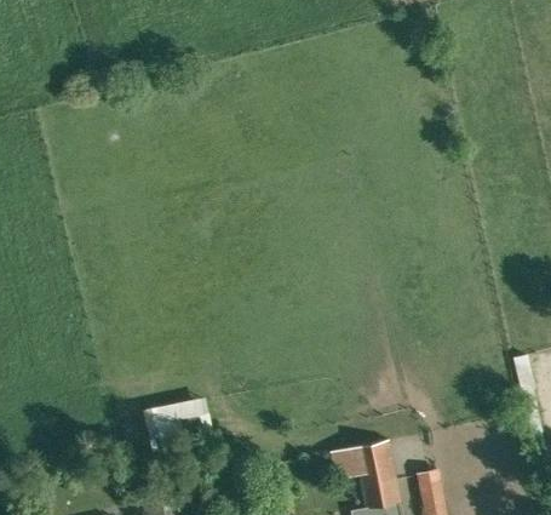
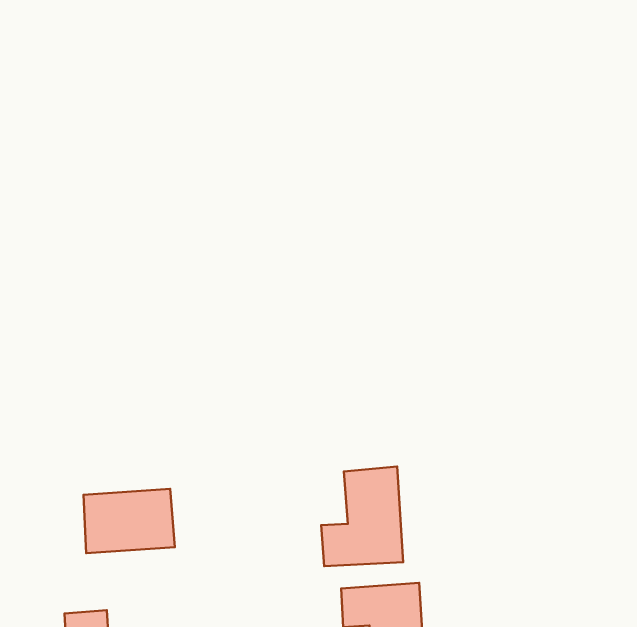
building: none -> [321,467,403,566]

